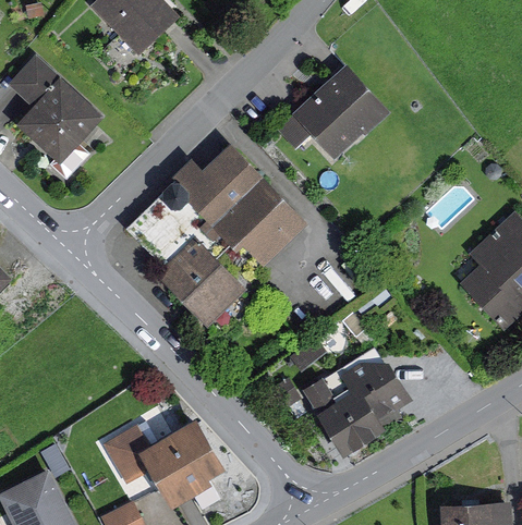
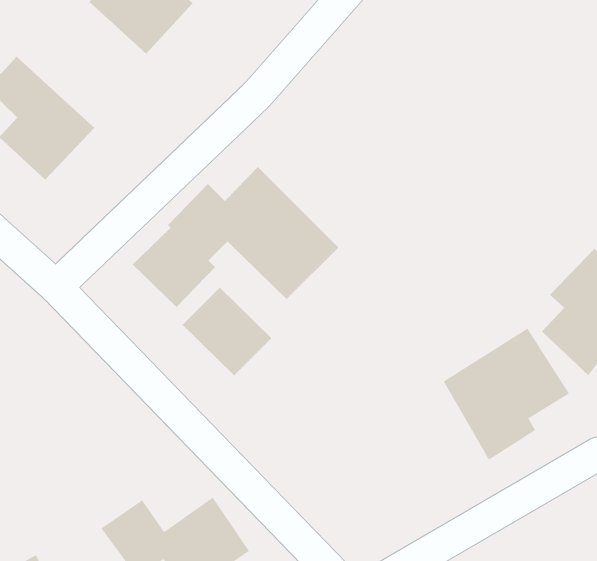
building: [295,69,387,160] -> none
building: [307,346,413,456] -> [443,328,570,460]

